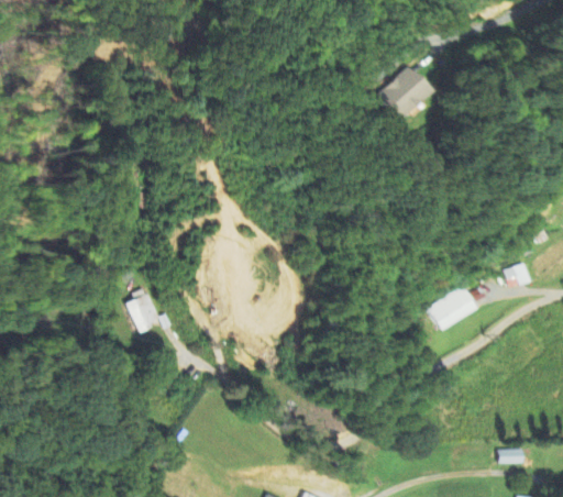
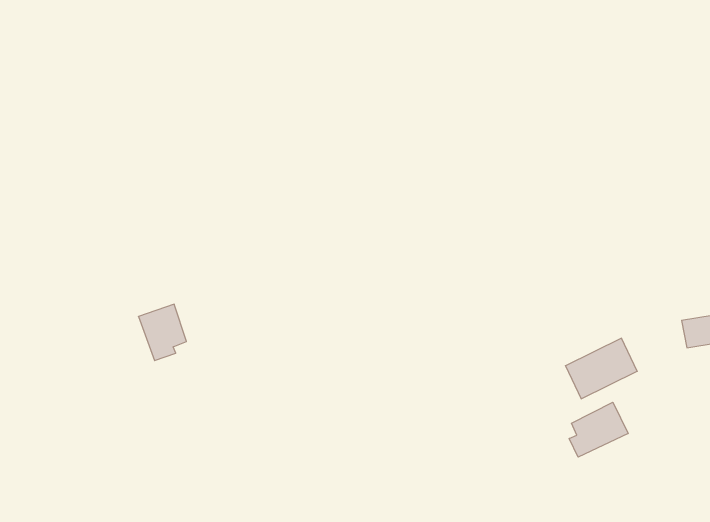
building: [375,65,429,120] -> none
building: none -> [569,402,628,457]

